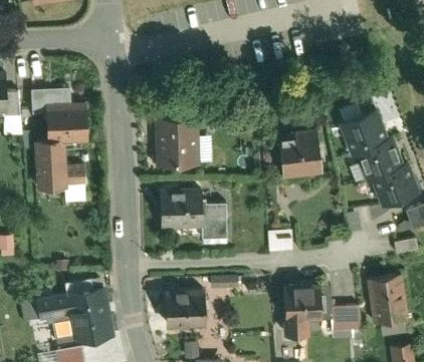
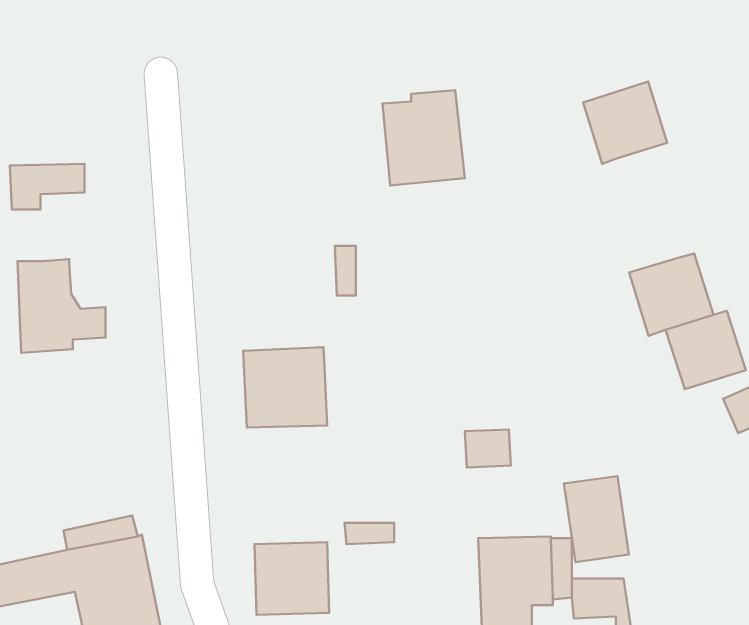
building: [48,104,86,142] -> none
building: [340,107,384,150] -> [583,82,667,164]
building: [158,120,200,169] -> none
building: [275,129,319,179] -> [382,90,465,186]
building: [198,204,222,239] -> none
building: [371,281,405,326] -> [564,476,629,562]

